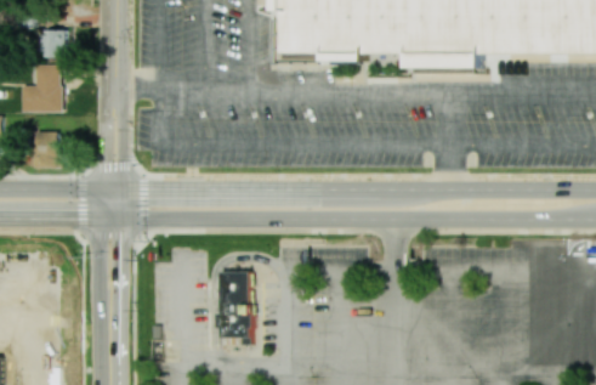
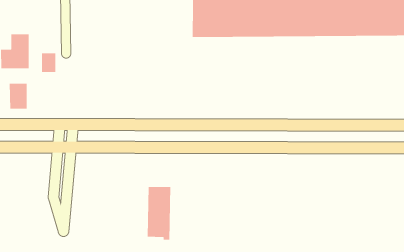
building: [40,28,61,55] -> [41,53,56,72]

